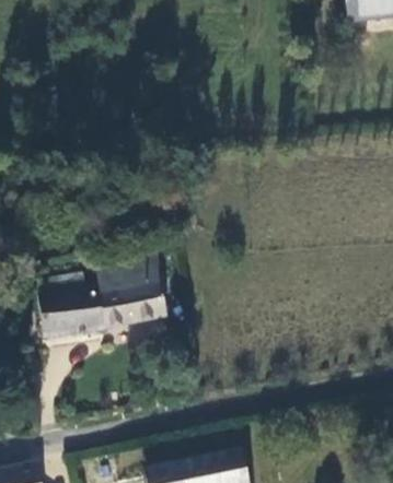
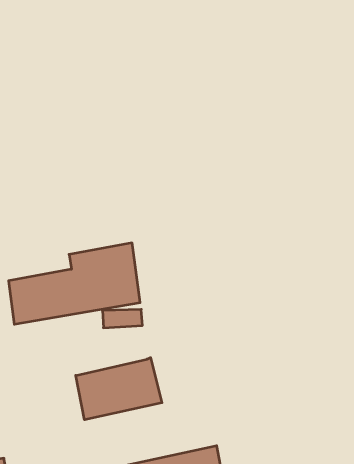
building: none -> [76,358,162,420]

